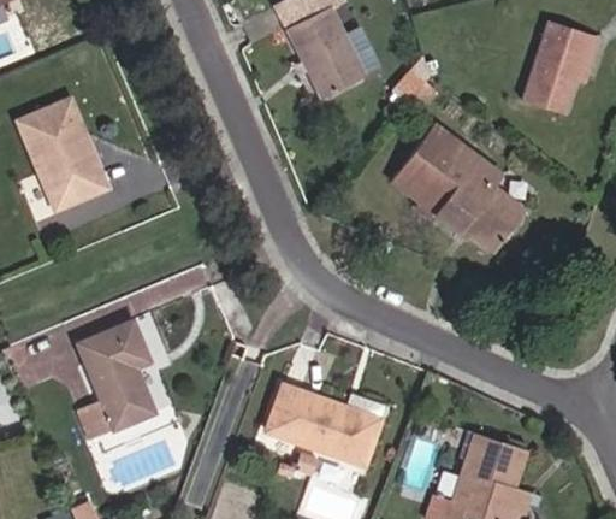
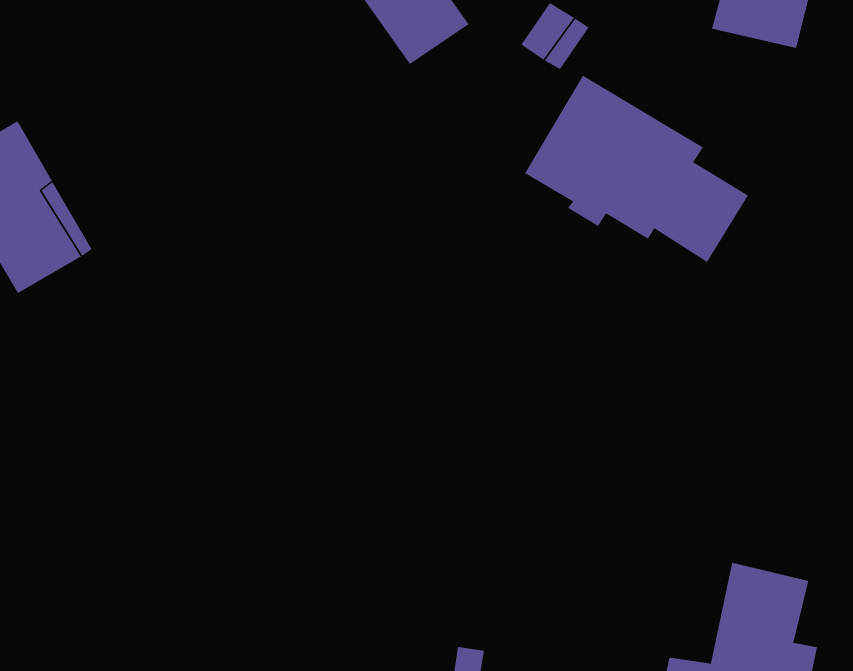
building: [78,323,158,437] -> none
building: [268,394,385,473] -> none

